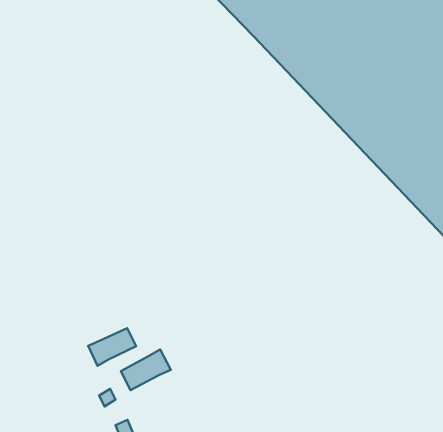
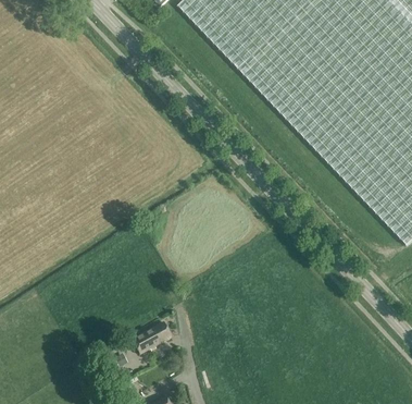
building: [88,328,136,366] -> none

